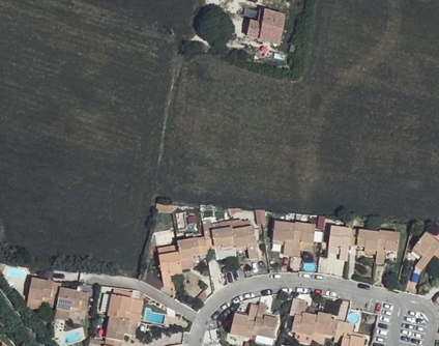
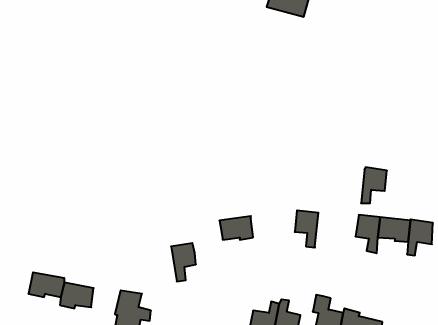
building: [291,222,315,255] -> [361,167,387,203]
building: [232,226,257,260] -> none
building: [177,236,207,261] -> none

